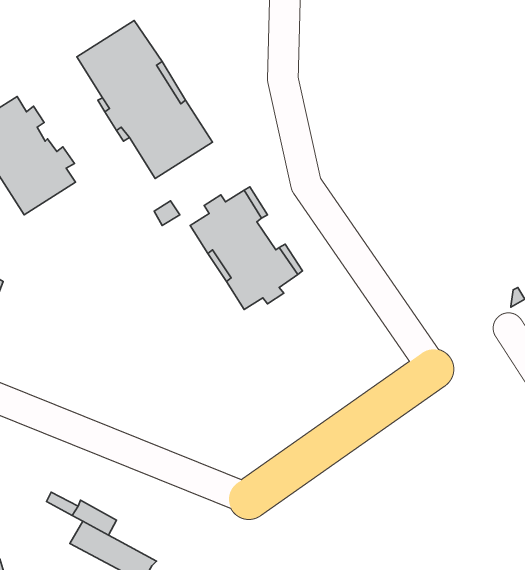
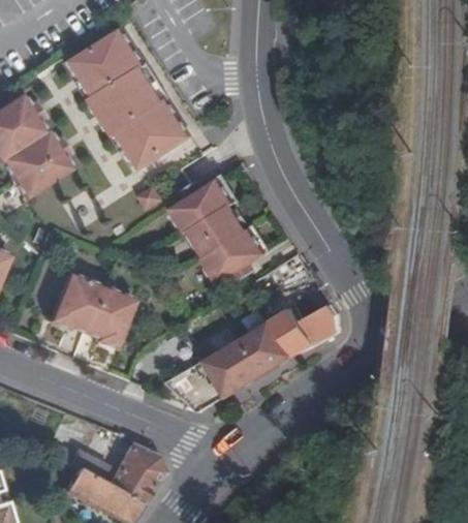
building: none -> [46,276,131,348]
building: none -> [167,306,338,411]
building: none -> [106,445,163,505]

